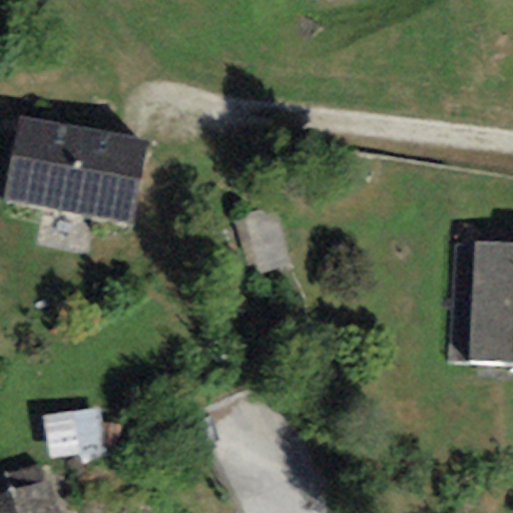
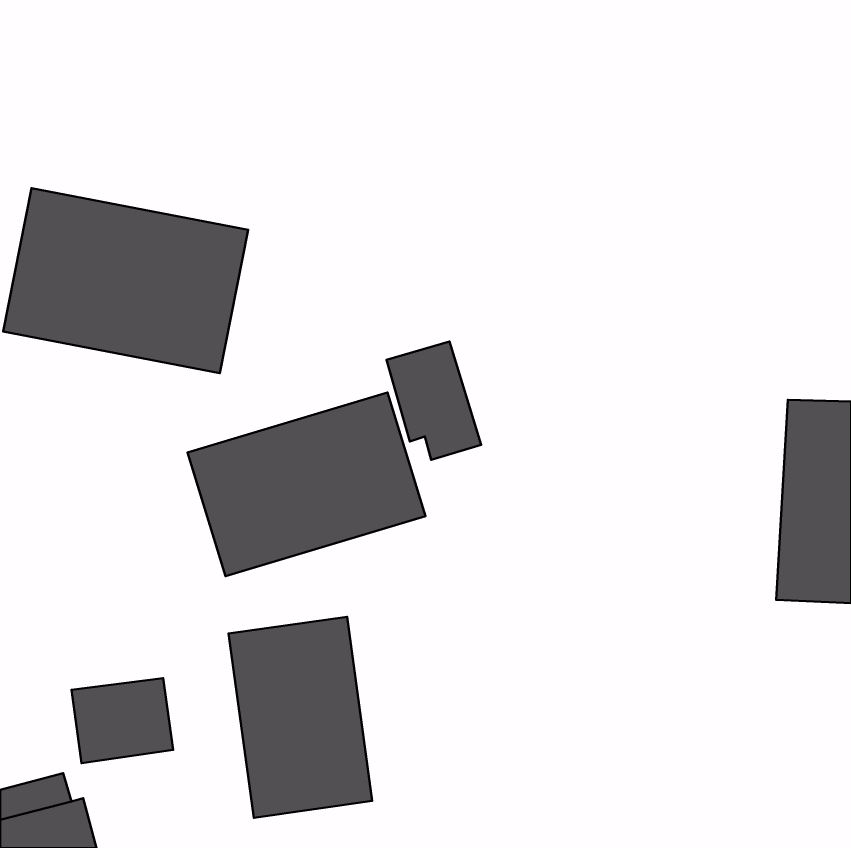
building: none -> [188,392,425,576]
building: none -> [229,617,372,818]

